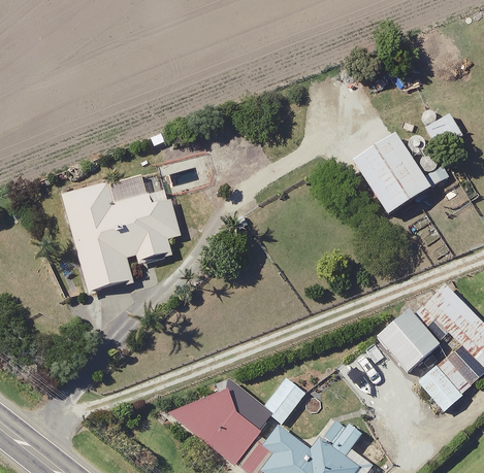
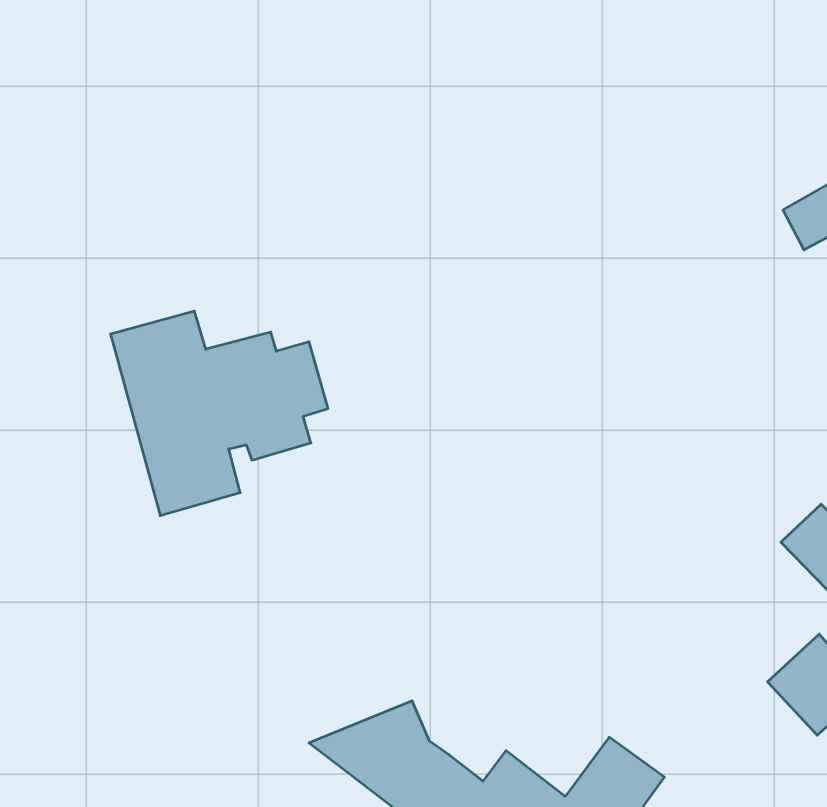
building: [354,134,430,214] -> none
building: [378,308,440,370] -> none
building: [262,374,306,421] -> none

